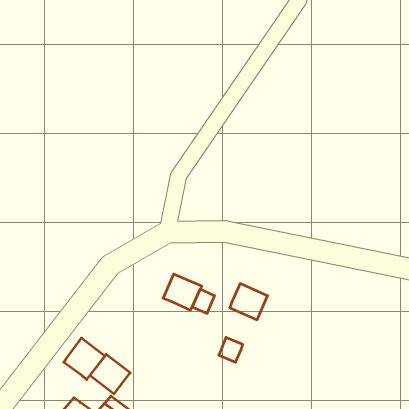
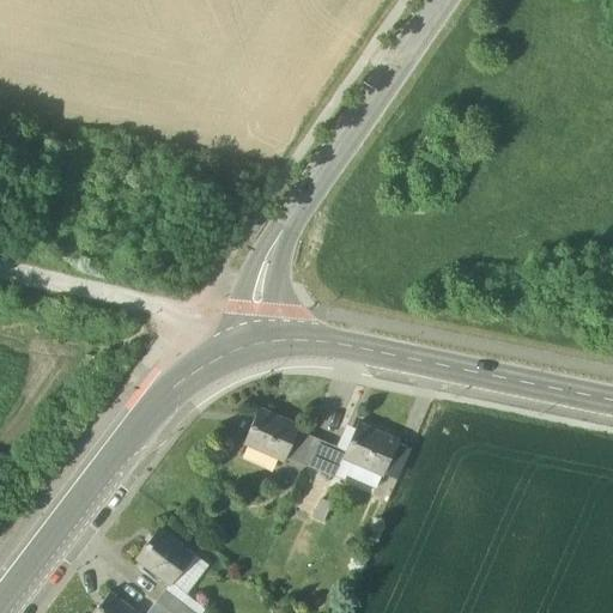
building: [219,337,243,362] -> [311,443,347,480]
building: [64,338,105,380] -> none

